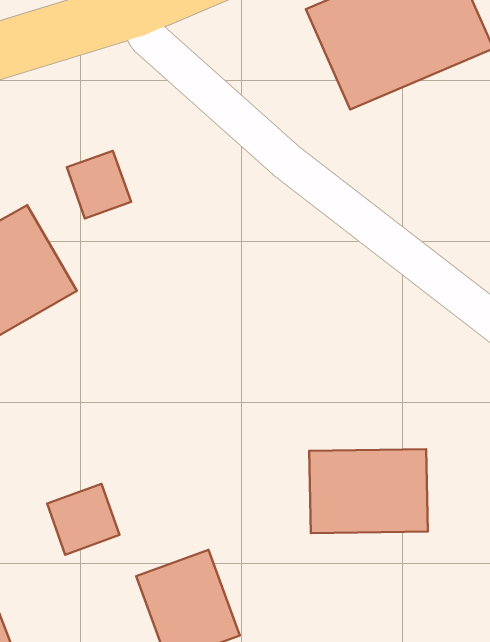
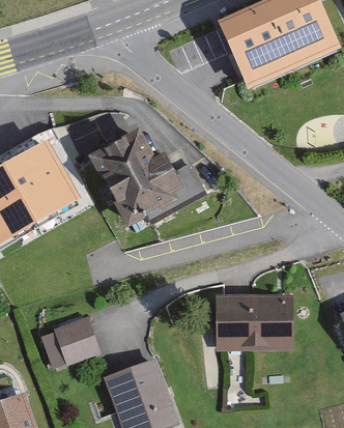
building: none -> [94,133,204,225]

